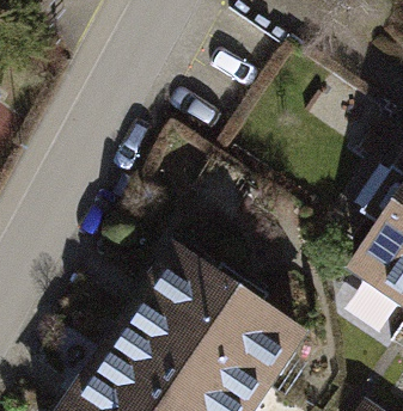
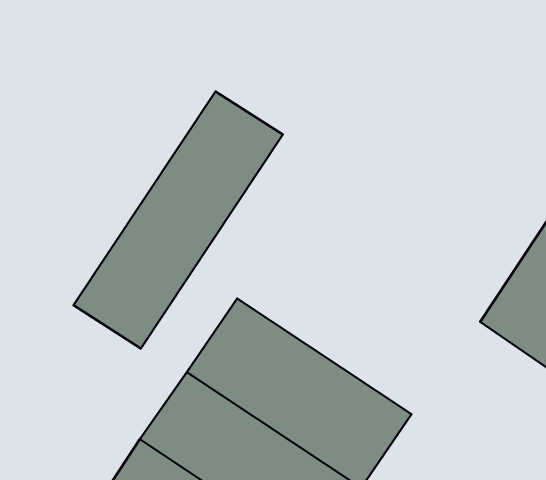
building: none -> [73,92,283,348]

